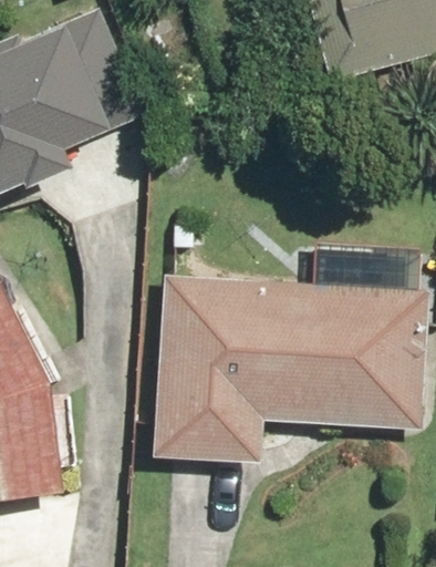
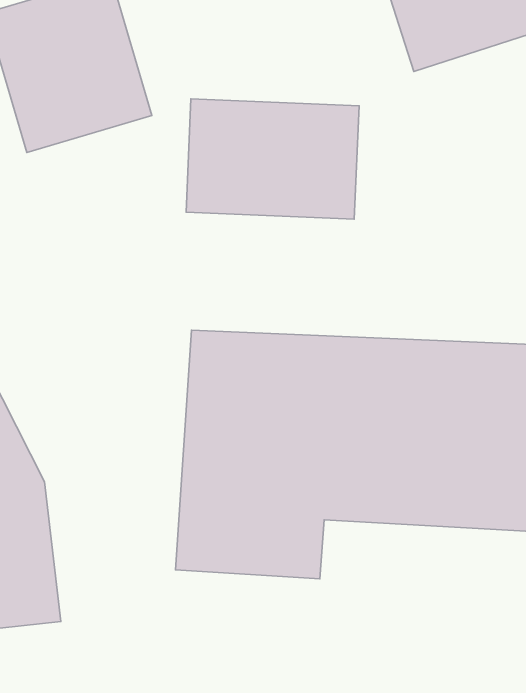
building: none -> [186,99,359,219]

